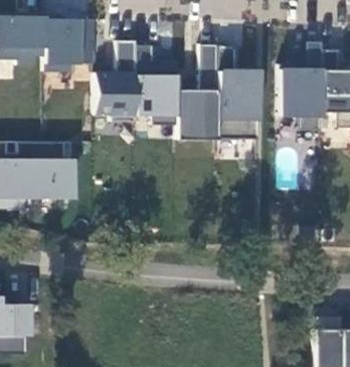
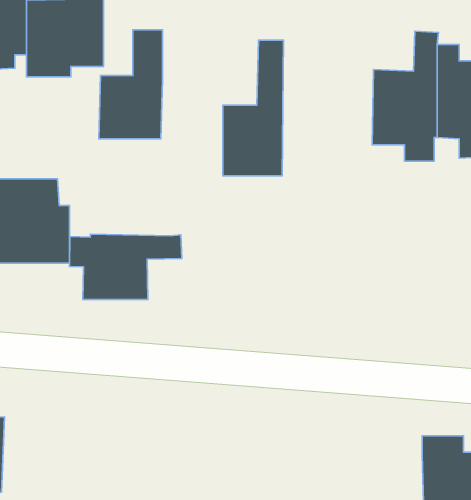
building: [136,45,178,125] -> none
building: [218,46,259,140] -> none
building: none -> [69,234,182,299]

